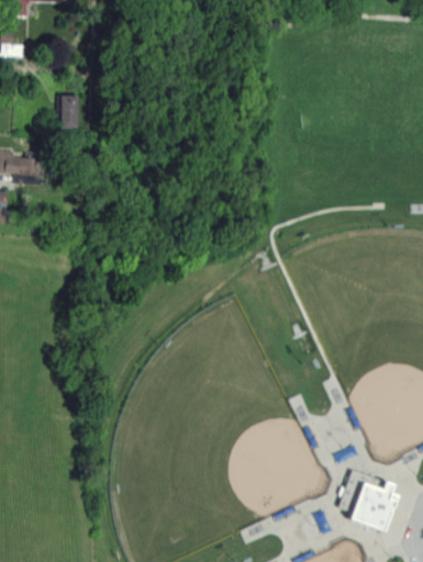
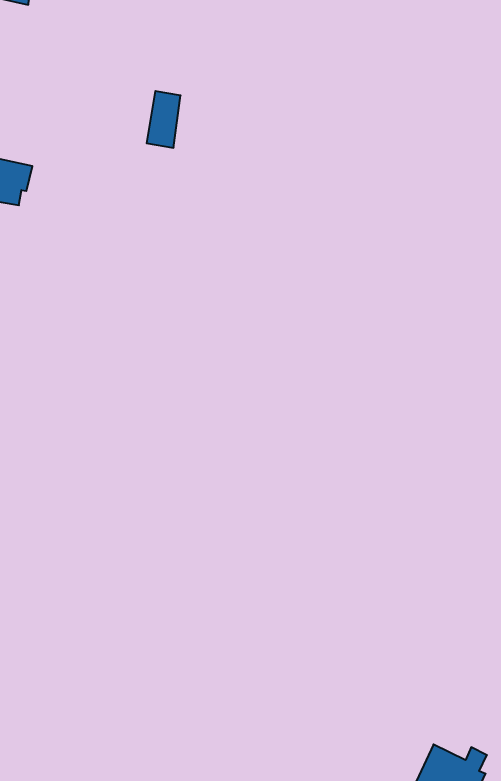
building: [62,94,79,128] -> [147,91,181,148]

